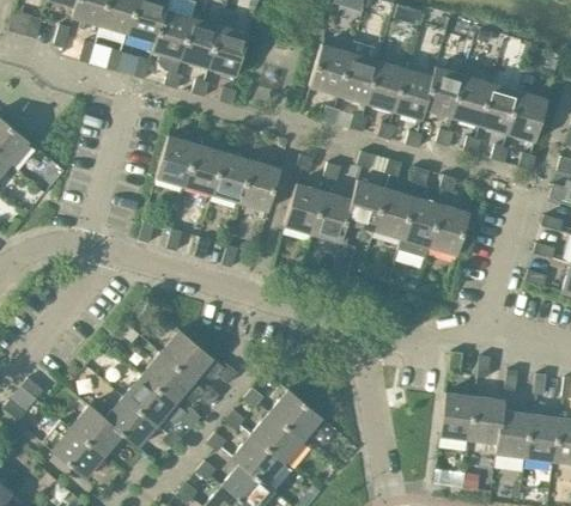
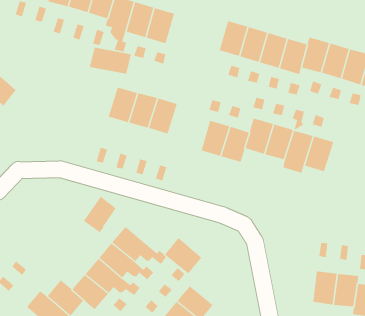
building: none -> [89,47,132,75]
building: [239,160,281,211] -> none
building: none -> [83,196,117,233]
building: [269,389,322,440] -> [164,237,202,274]

